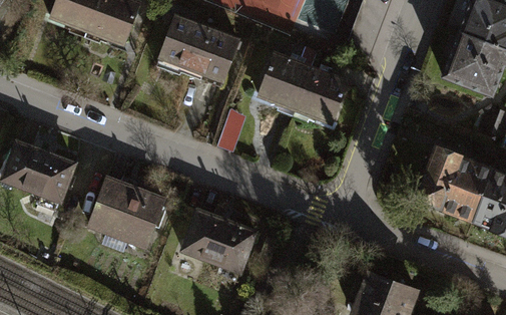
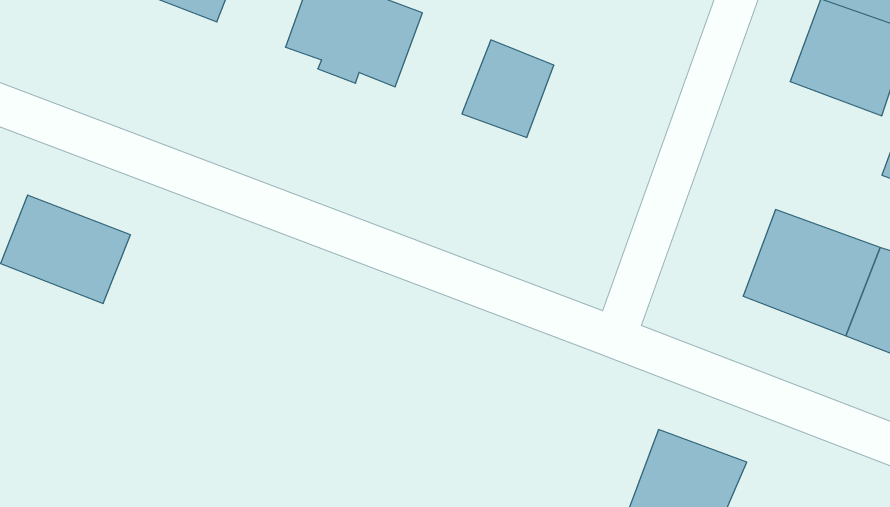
building: [296,68,348,122] -> none
building: [90,179,164,244] -> none
building: [182,209,256,271] -> none

